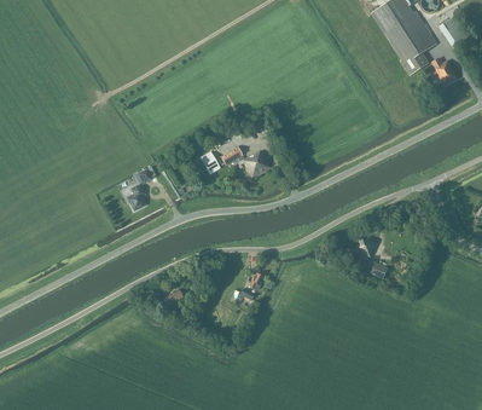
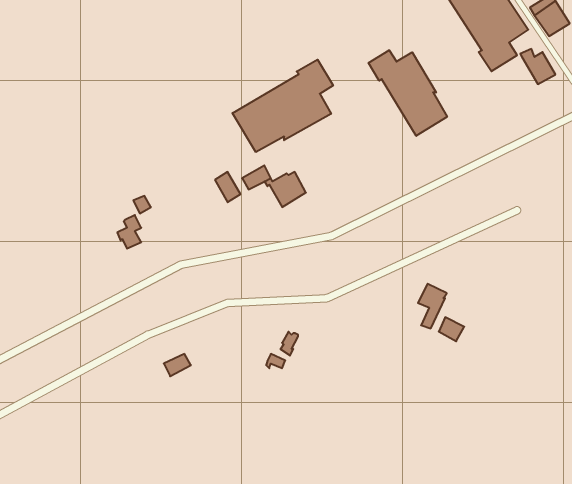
building: none -> [369,50,447,136]
building: none -> [232,60,333,152]

